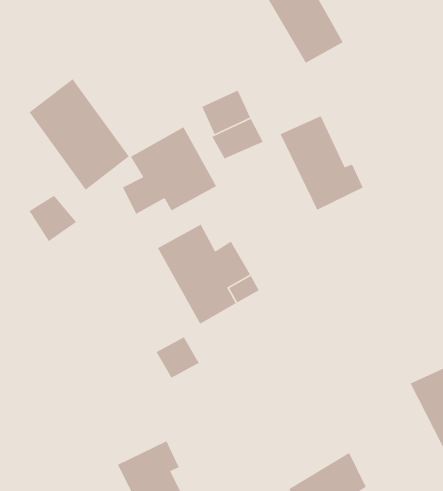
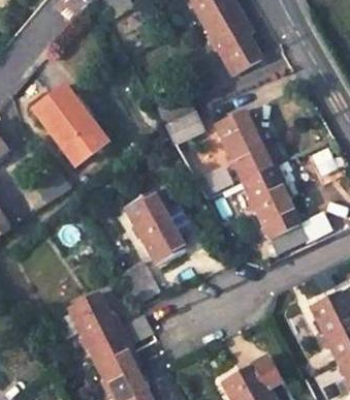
building: [122,126,217,215] -> none
building: none -> [242,163,307,251]
building: none -> [68,291,152,364]

